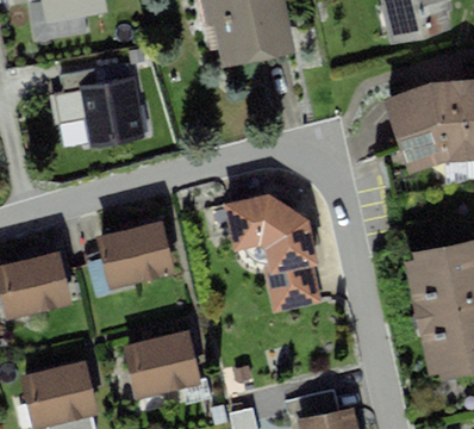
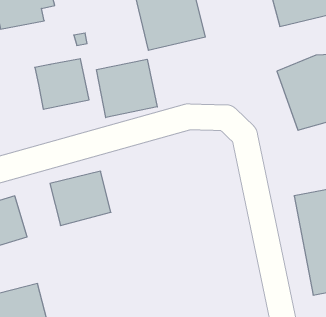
building: [58,67,99,116] -> none
building: none -> [97,59,157,118]
building: [223,195,325,319] -> none
building: [120,329,198,398] -> none

